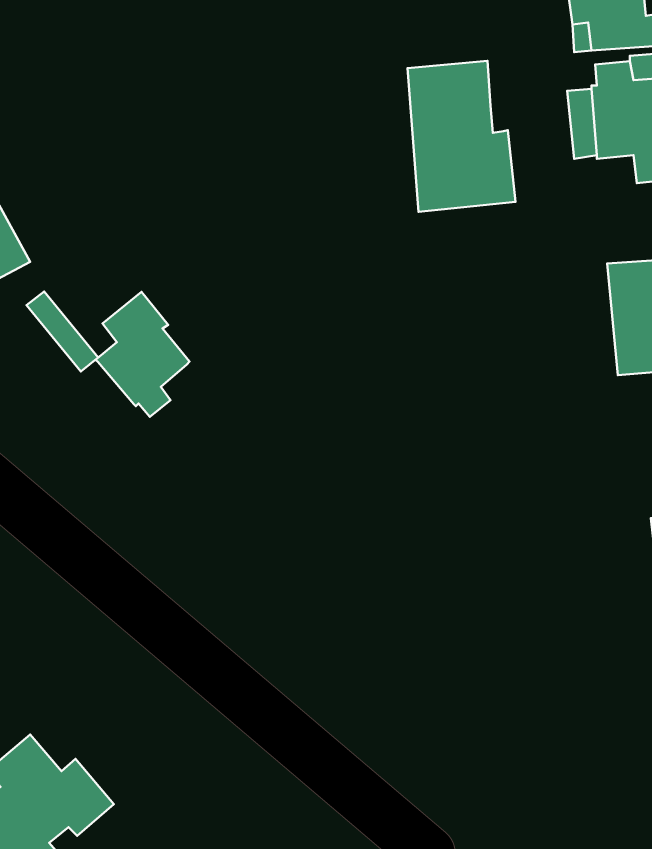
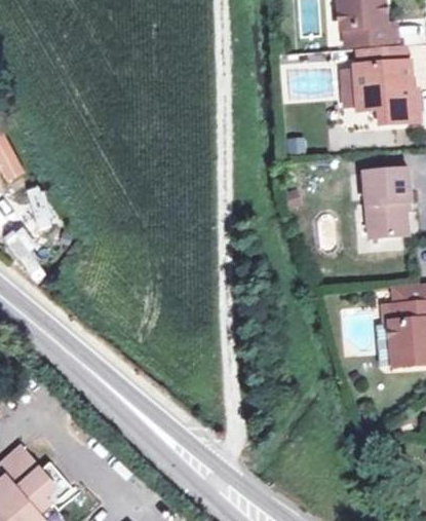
building: [408,61,516,212] -> none
building: [96,292,190,417] -> none

